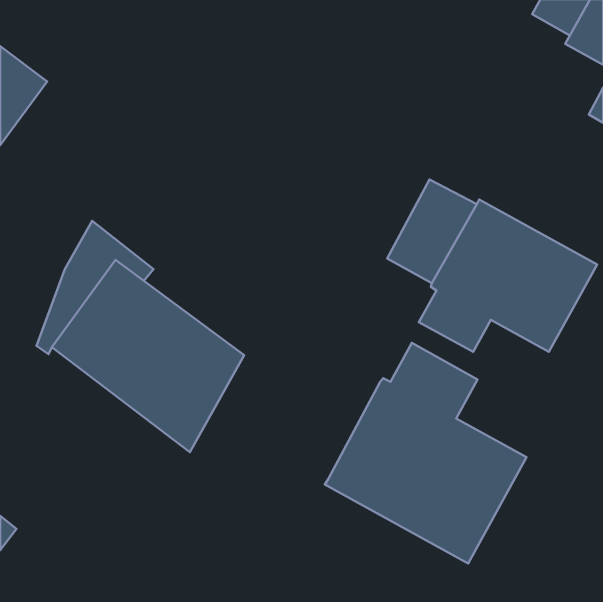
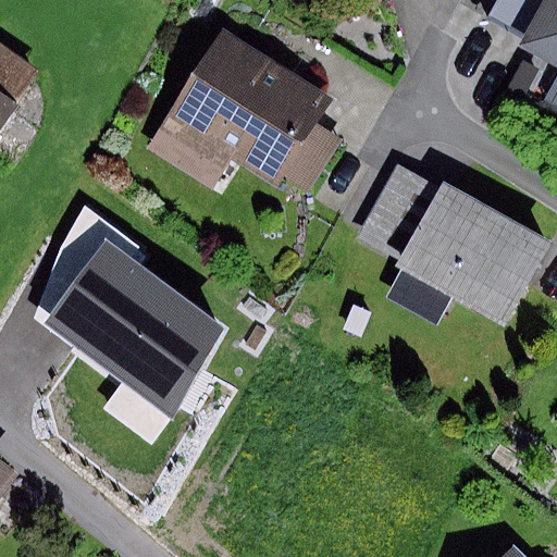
building: none -> [149,30,342,193]
building: [325,343,526,564] -> none

